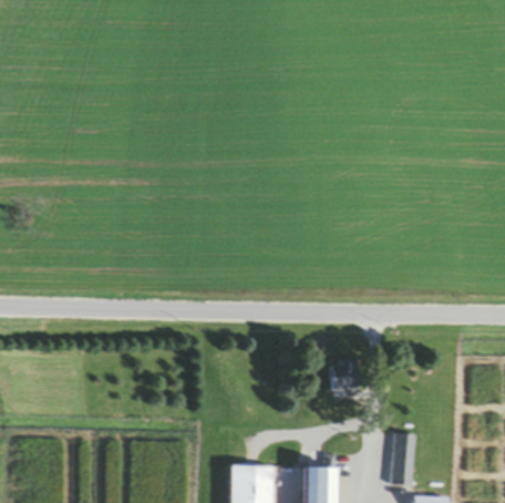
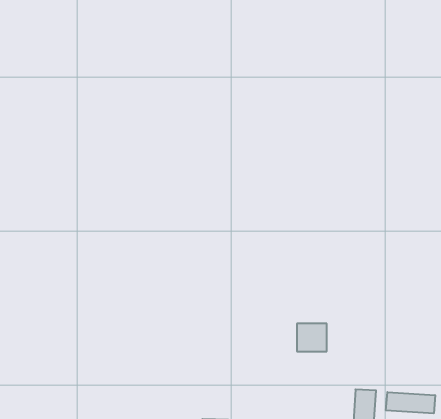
building: none -> [386,392,435,413]

